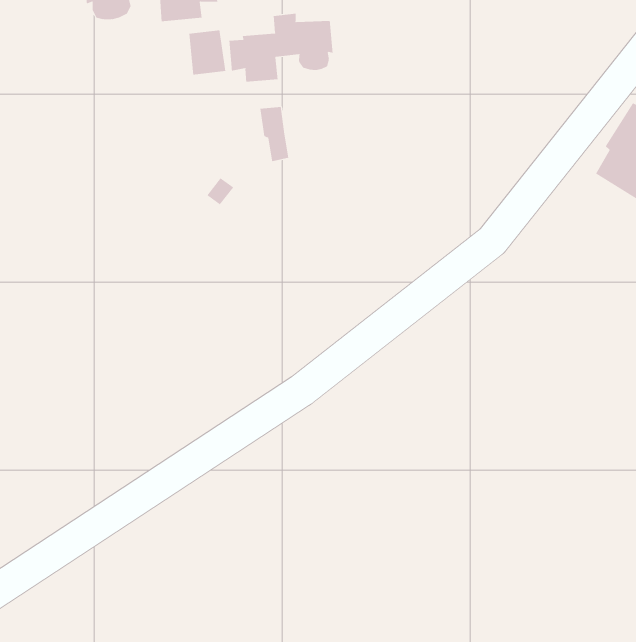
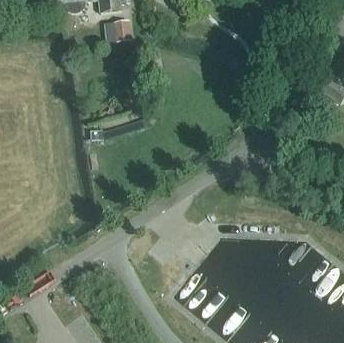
building: [229,13,333,83] -> none

